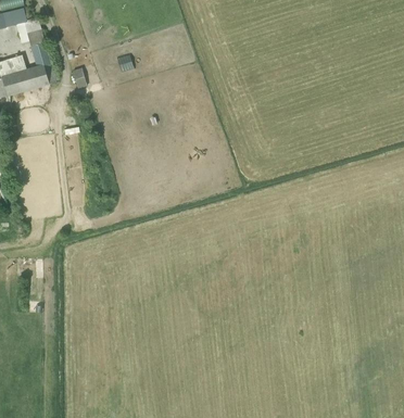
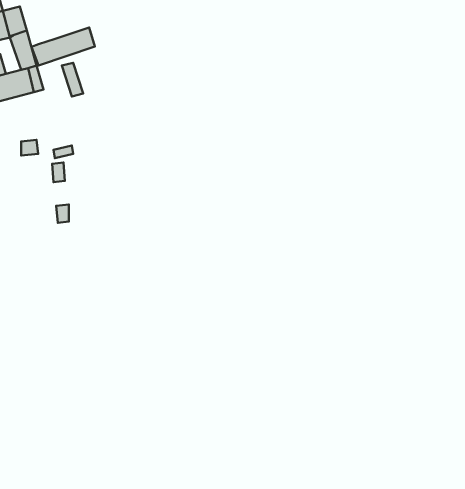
building: none -> [31,27,95,65]

